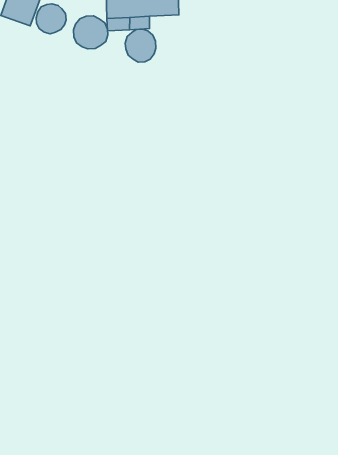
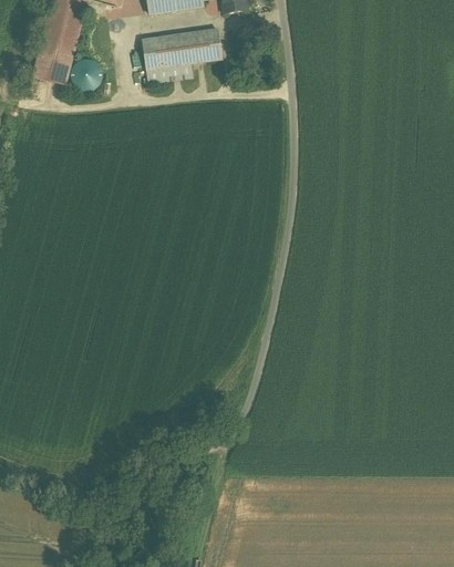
building: [73,16,108,49] -> none
building: [125,29,156,62] -> none

